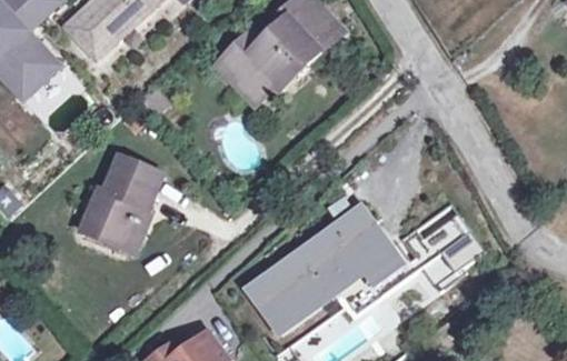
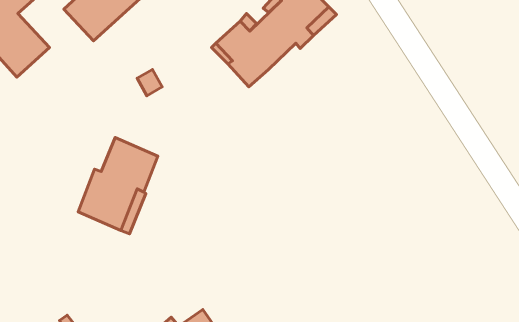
building: [250,209,406,332] -> none

